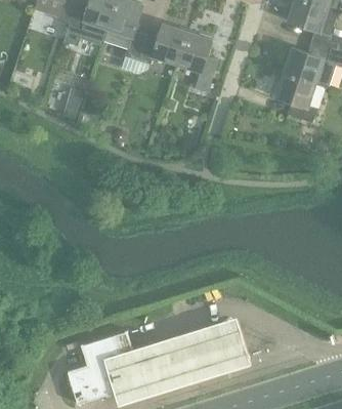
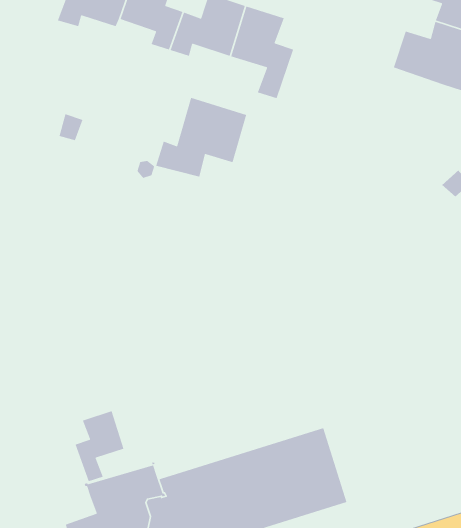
building: [274,73,315,123] -> none
building: none -> [155,97,247,177]
building: none -> [75,410,124,482]

